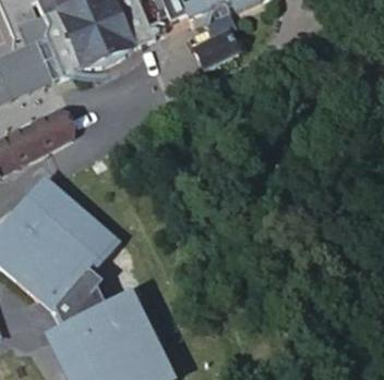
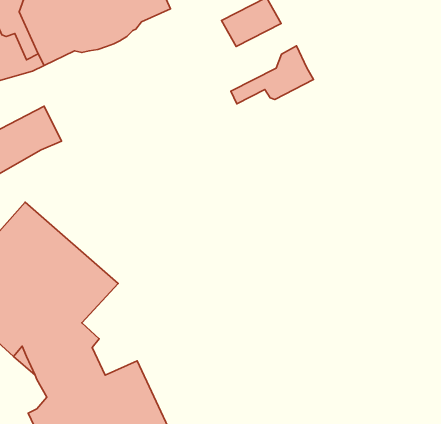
building: none -> [231,46,314,104]

